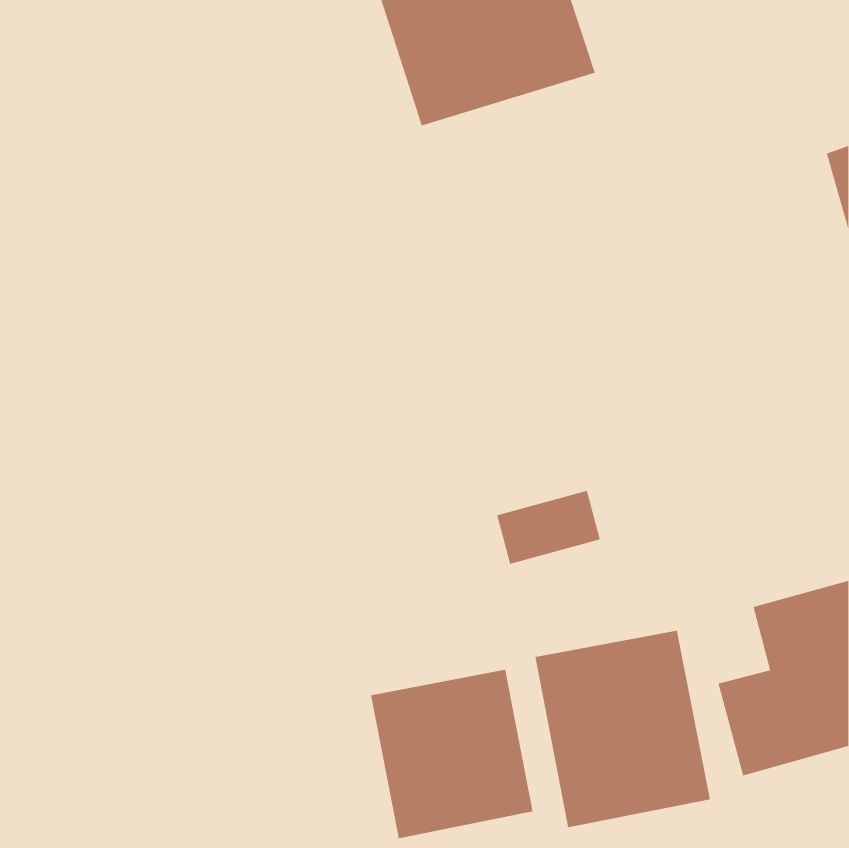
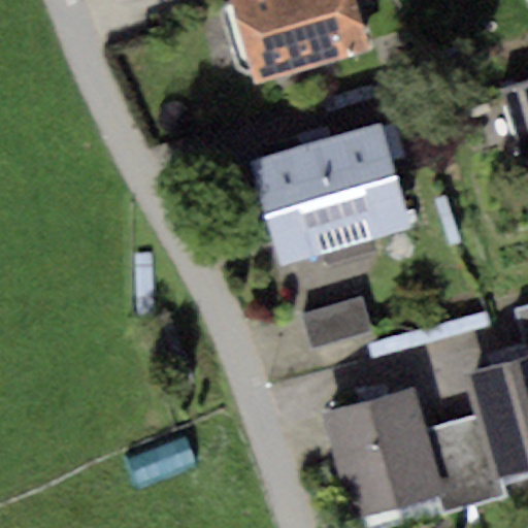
building: none -> [254,124,410,264]
building: [370,669,533,839] -> none

